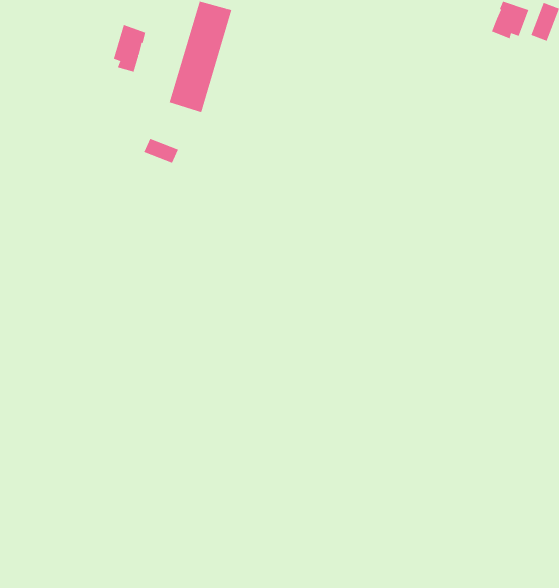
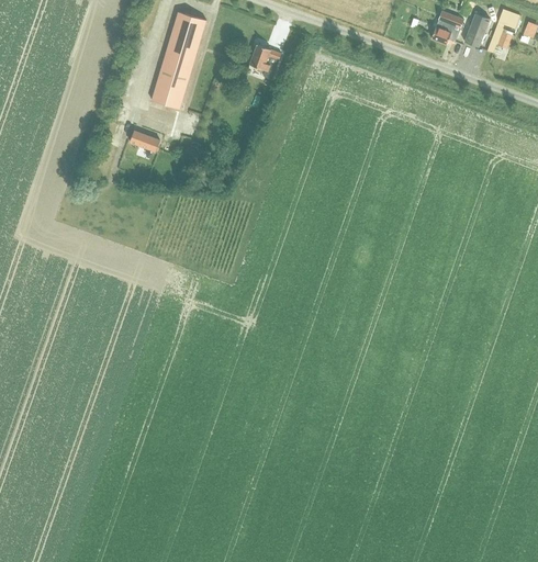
building: [113,24,146,72] -> none
building: none -> [249,43,281,78]

